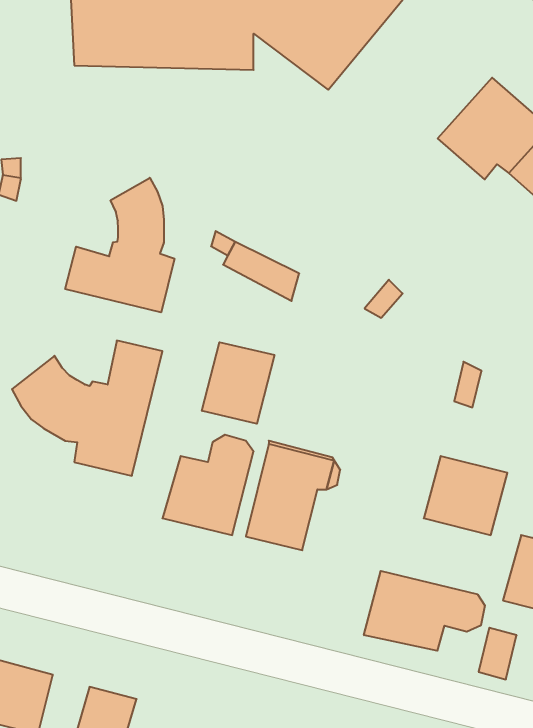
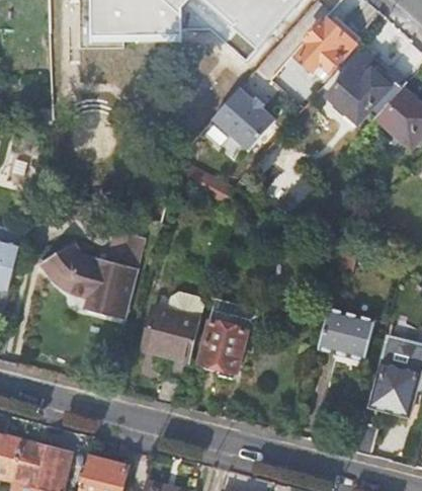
building: none -> [296,20,352,72]
building: none -> [215,81,275,145]
building: [65,178,174,312] -> none
building: [202,342,274,424] -> none
building: [364,571,485,651] -> none

